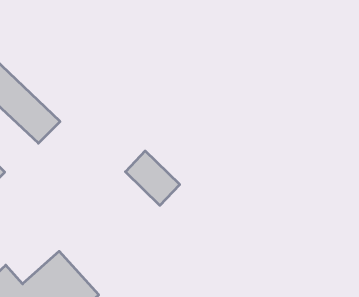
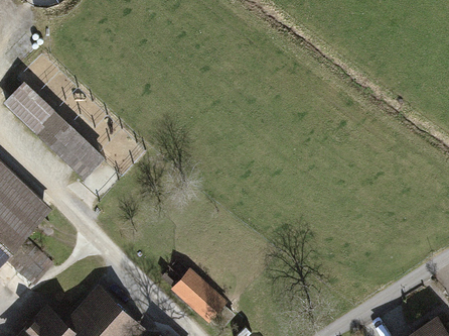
building: [125,151,180,205] -> [167,272,222,328]

